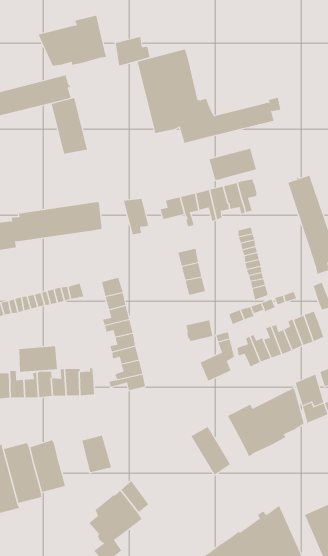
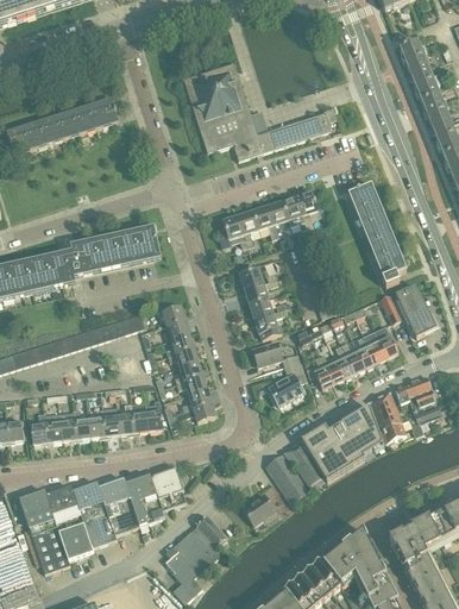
building: [38,15,107,66] -> none
building: [115,36,150,66] -> none
building: [51,97,88,154] -> none
building: [209,148,256,181] -> none
building: [123,198,149,235] -> none
building: none -> [253,307,288,339]
building: [19,346,58,372] -> none
building: none -> [284,440,326,490]
building: none -> [125,473,163,525]
building: none -> [243,491,276,523]

